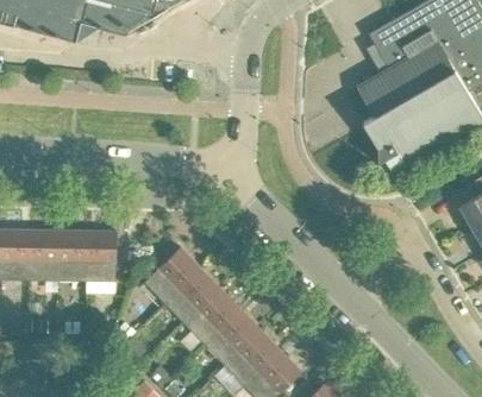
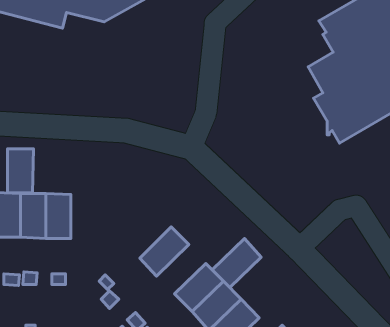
building: [86,231,115,281] -> [7,149,34,193]
building: [143,246,200,303] -> none
building: [183,288,239,344] -> [212,238,261,288]

